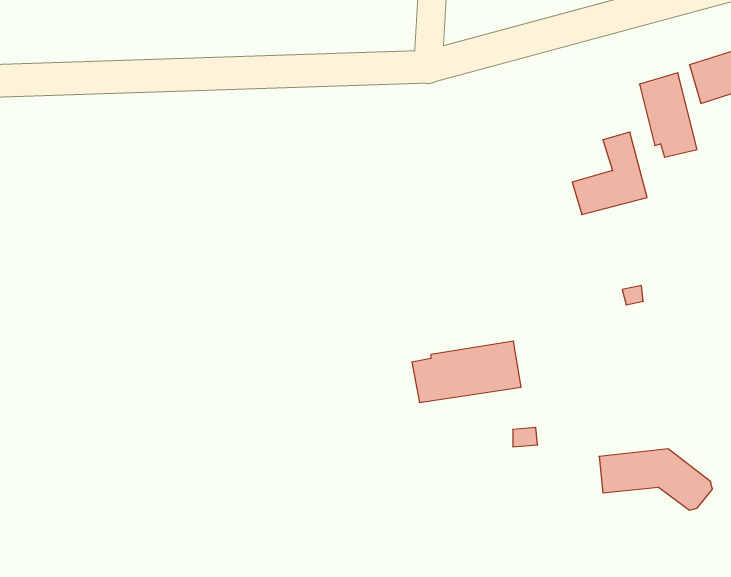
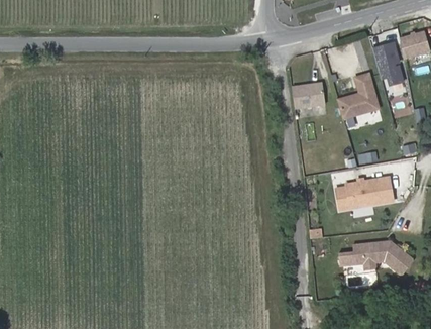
building: none -> [295,84,328,109]
building: [412,341,521,402] -> [337,176,395,208]

